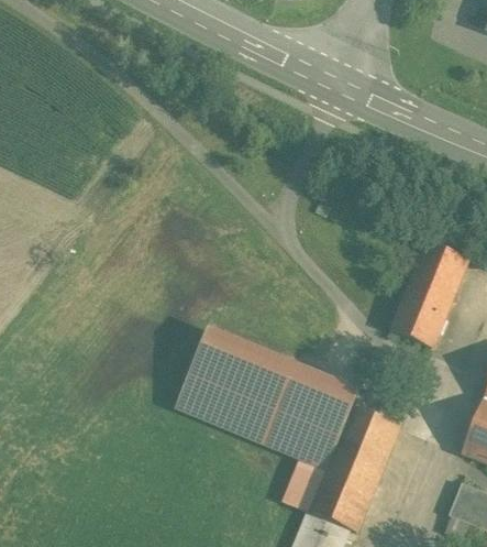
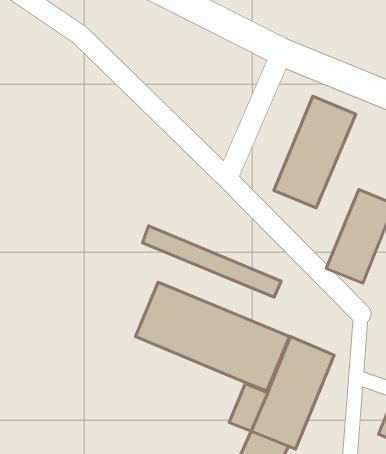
building: none -> [274,96,356,208]
building: [203,326,357,405] -> [143,226,281,297]

